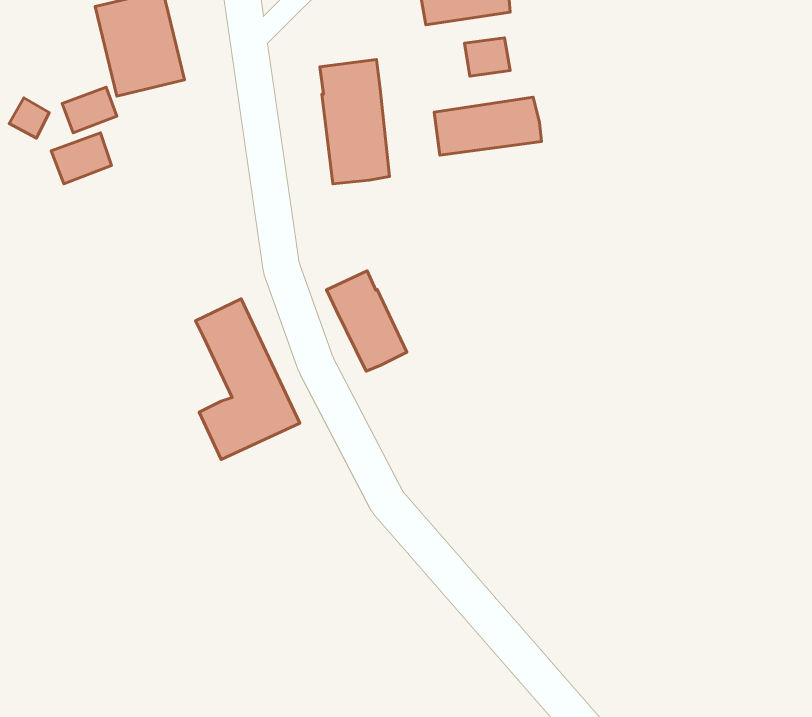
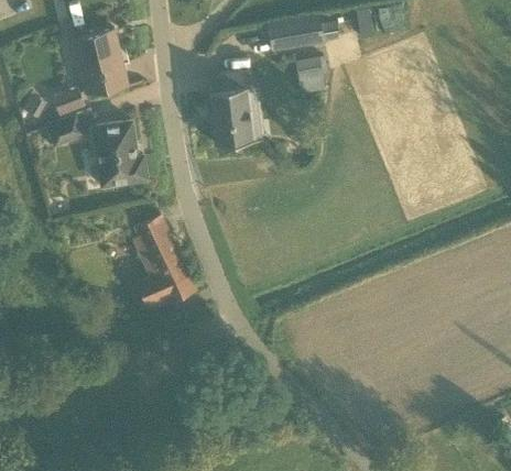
building: [434,97,542,155] -> none
building: none -> [94,121,148,186]
building: [326,271,407,371] -> none

